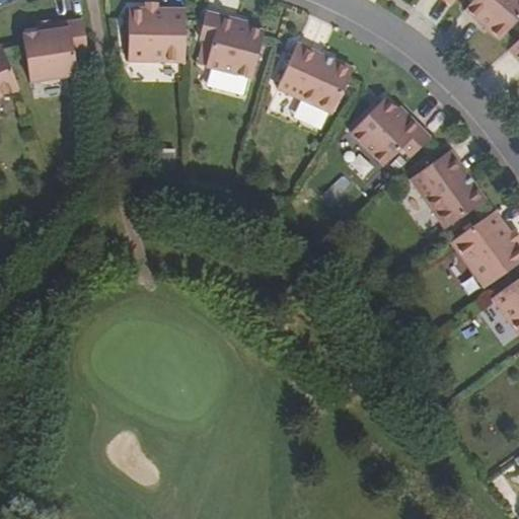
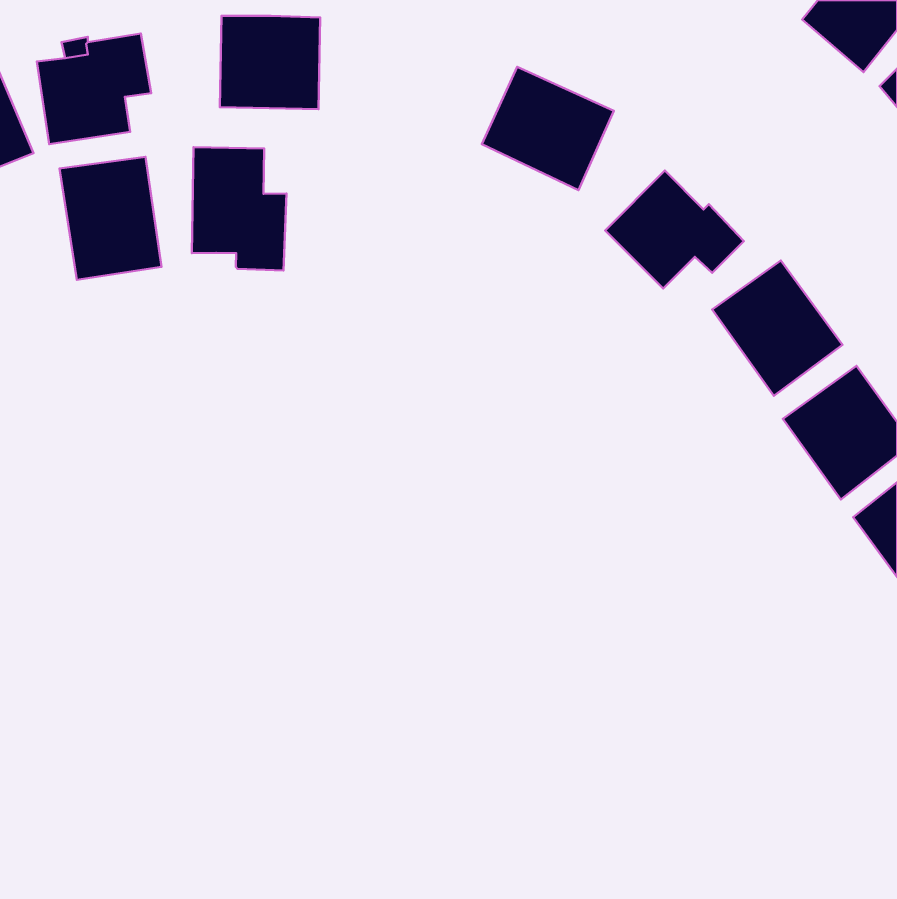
building: [201,11,265,75] -> none
building: none -> [192,147,286,271]
building: none -> [59,157,162,280]

